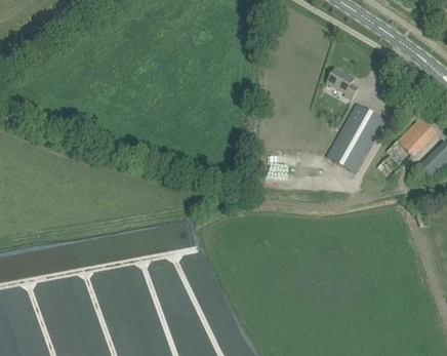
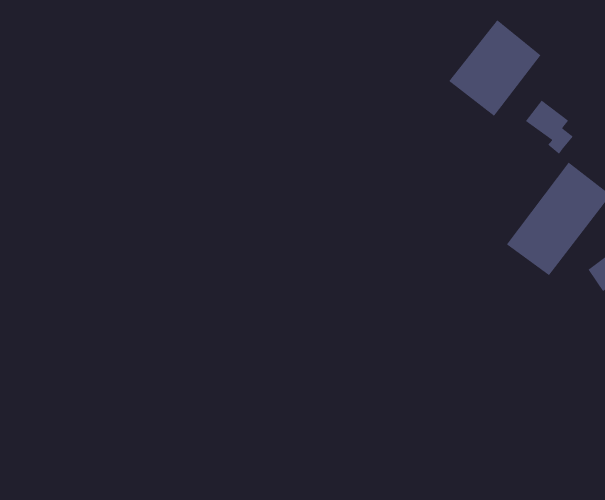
building: none -> [448,19,542,117]

